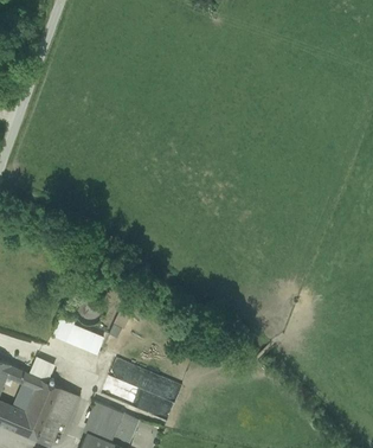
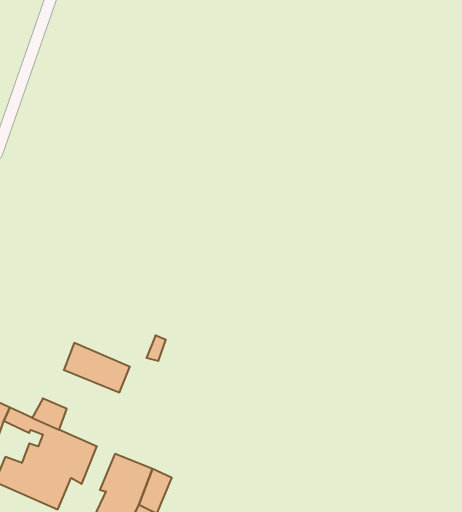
building: [102,358,182,420] -> none

